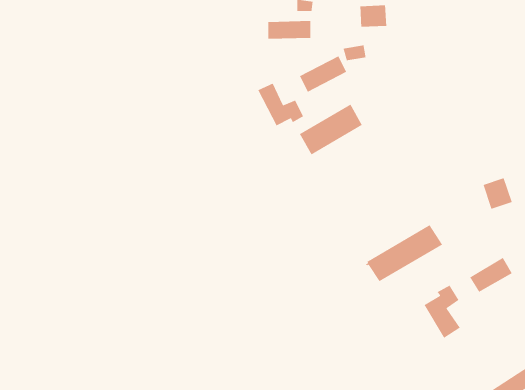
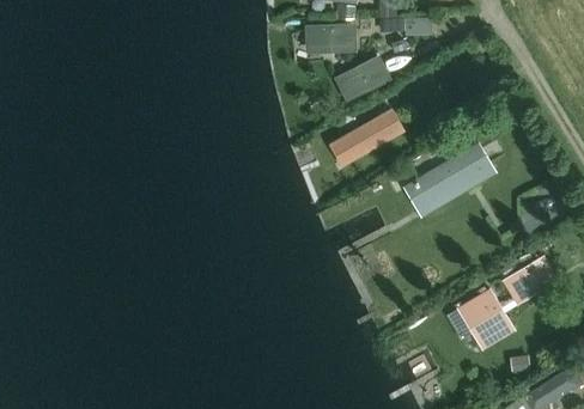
building: [257,82,304,126] -> none
building: [365,224,443,282] -> [413,146,491,203]

